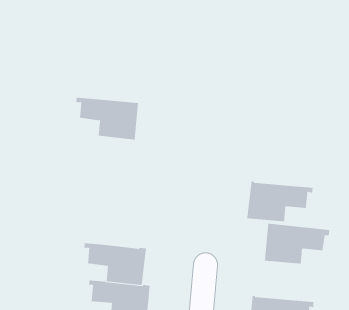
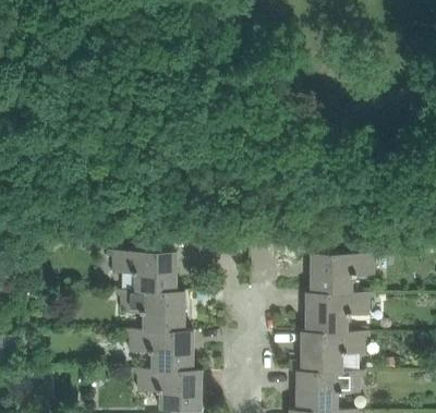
building: [75,97,139,140] -> [108,252,175,292]
building: [246,181,314,222] -> [305,292,374,332]

